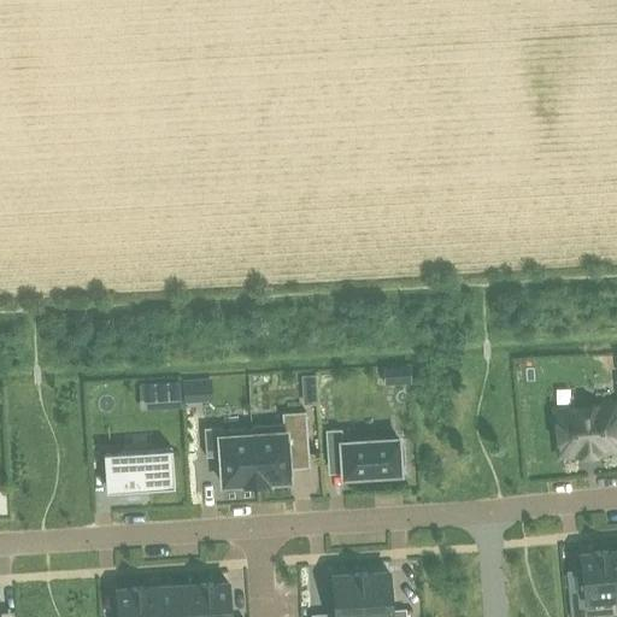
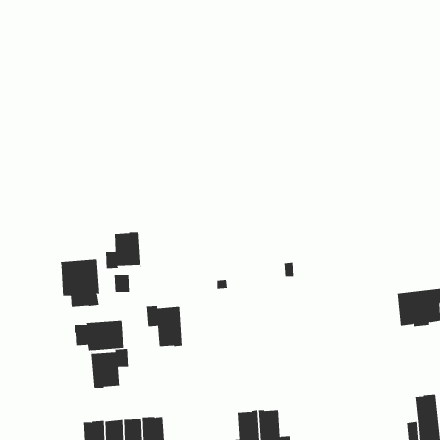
building: none -> [106,231,141,269]
building: none -> [61,259,99,307]
building: [253,412,310,484] -> none
building: [327,430,405,478] -> none
building: none -> [90,348,129,389]

